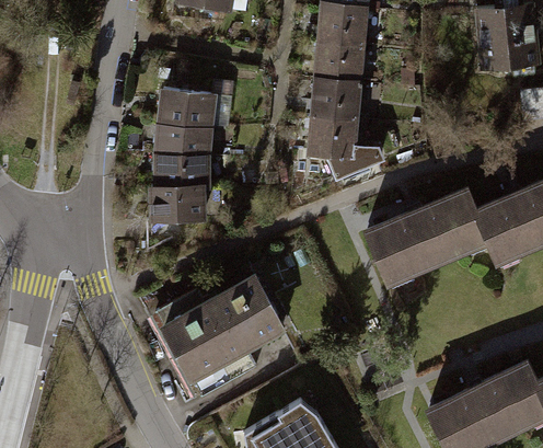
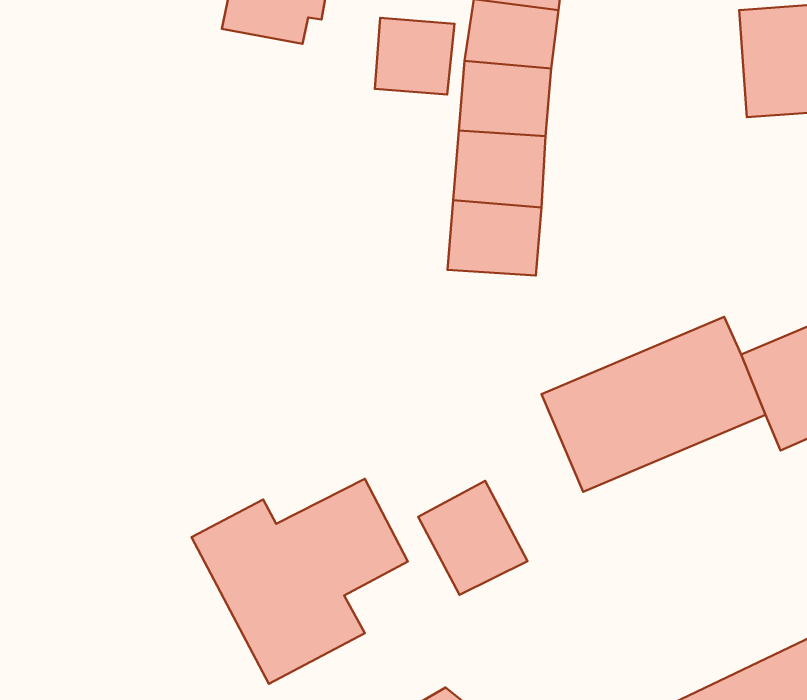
building: none -> [375,18,454,95]
building: [155,91,218,221] -> none
building: none -> [418,481,527,595]

